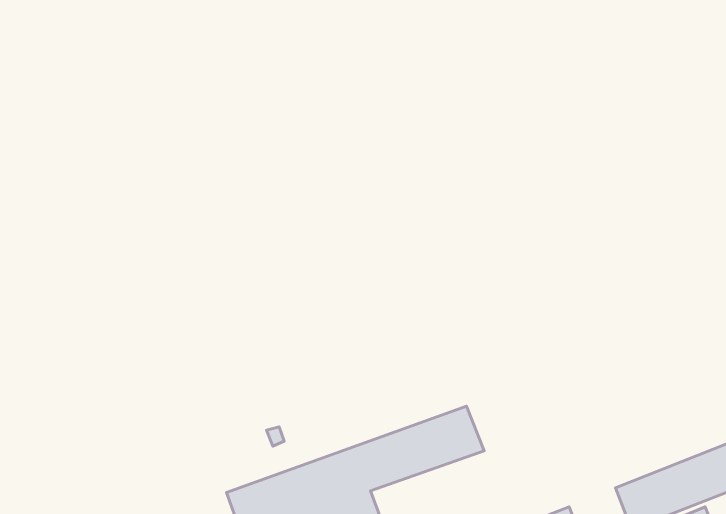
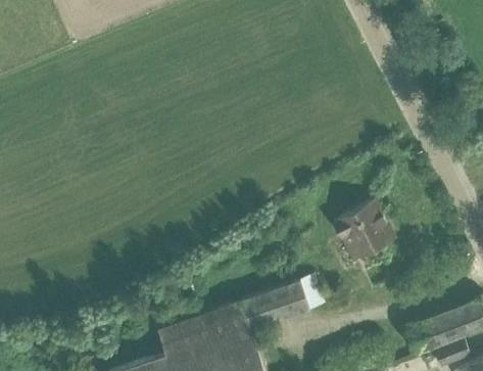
building: none -> [333,199,394,259]

